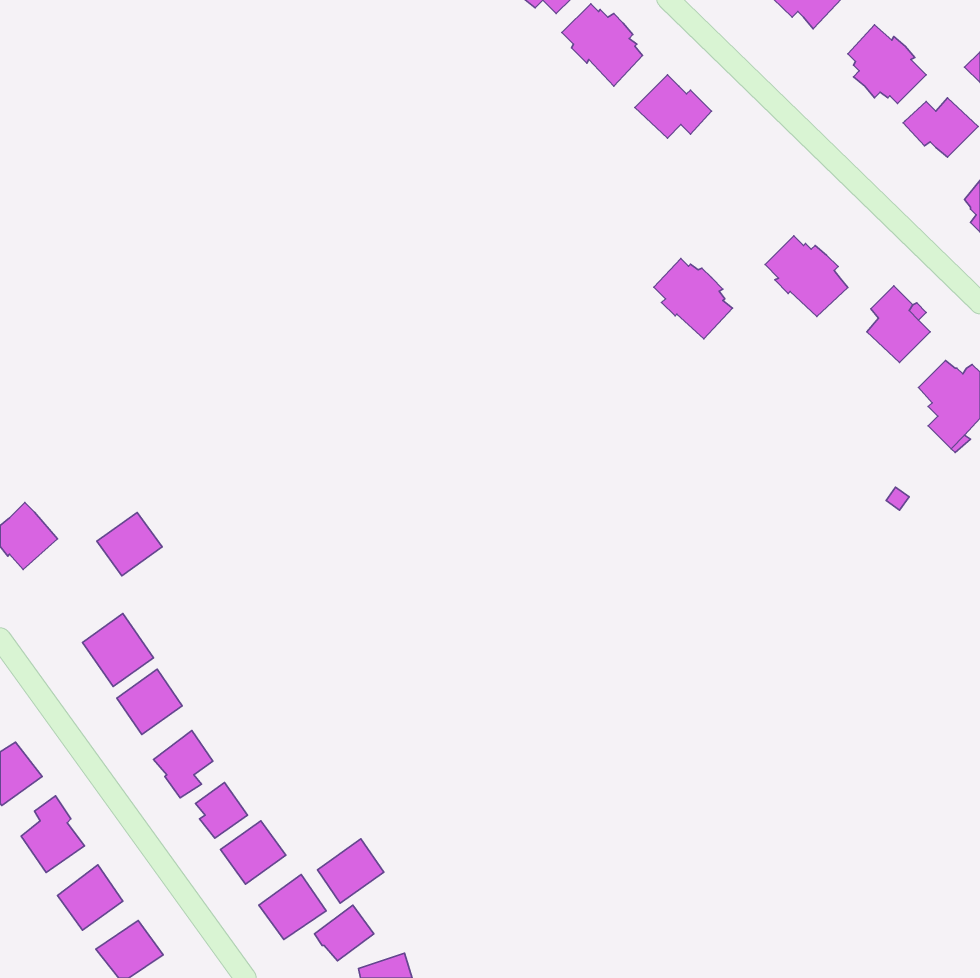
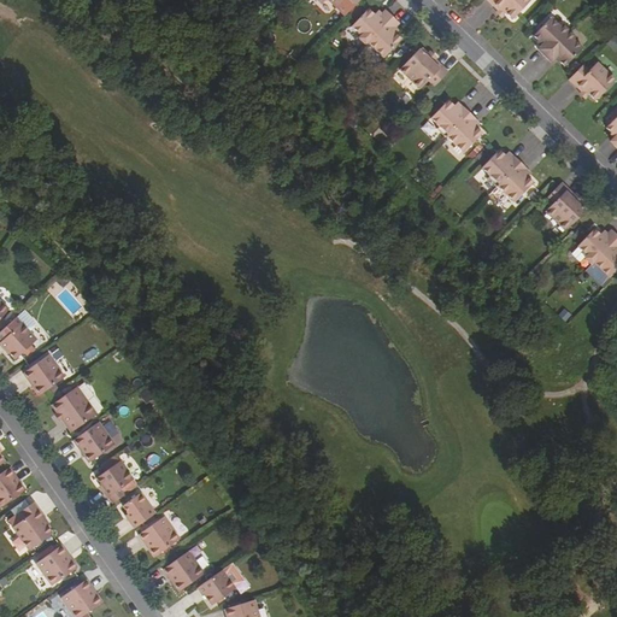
building: [654,258,733,339] -> [431,99,481,149]
building: [97,512,162,576] -> [23,354,64,394]
building: [317,839,384,903] -> none

